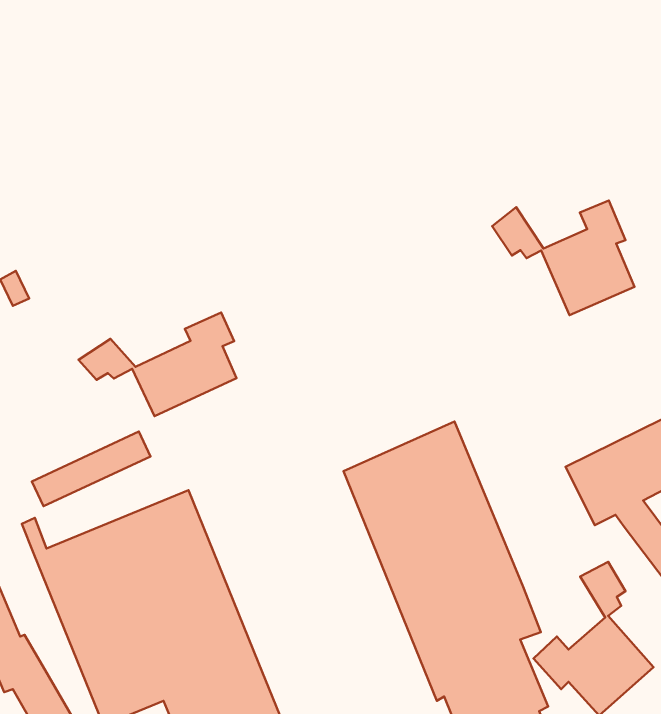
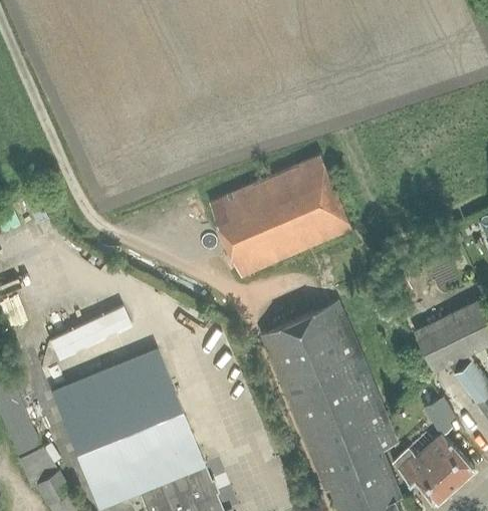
building: [492,201,634,315] -> none
building: none -> [210,157,352,278]
building: [79,312,236,416] -> none

